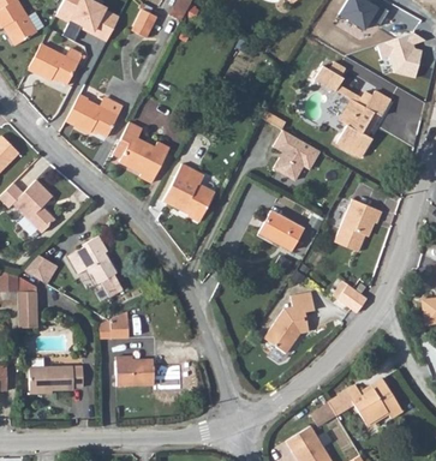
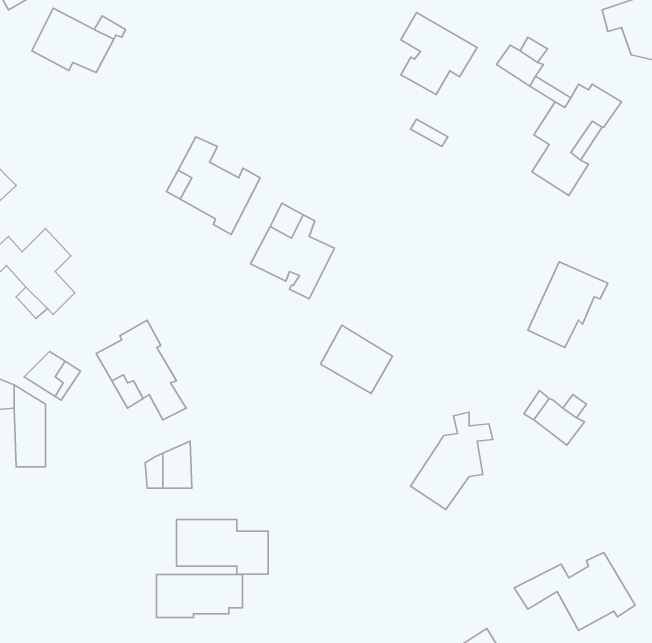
building: [66,94,124,136] -> none
building: [274,130,321,180] -> [401,12,477,94]
building: [258,209,303,251] -> [320,325,393,393]
building: [30,365,83,391] -> [157,575,242,618]

